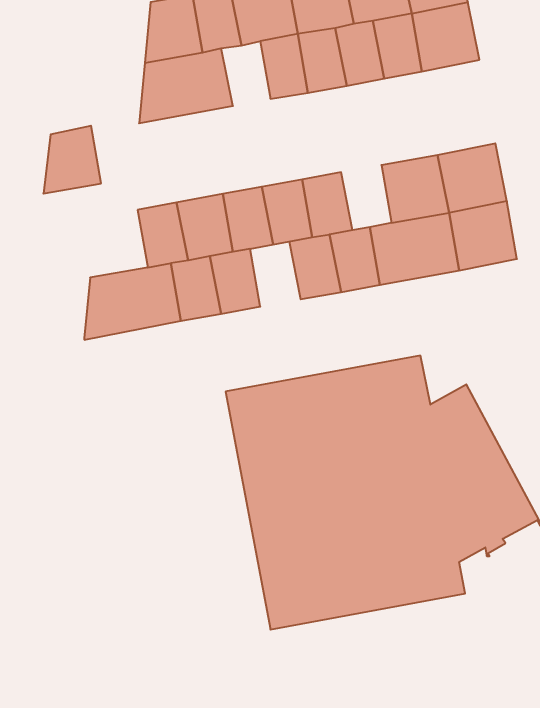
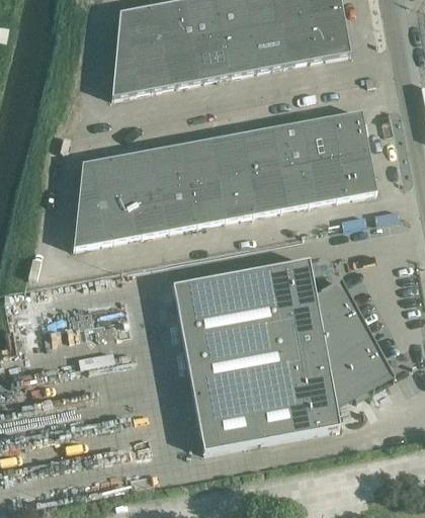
building: none -> [170,37,204,83]
building: [43,126,101,194] -> [78,156,118,203]
building: none -> [254,124,289,170]
building: none -> [190,178,226,224]

